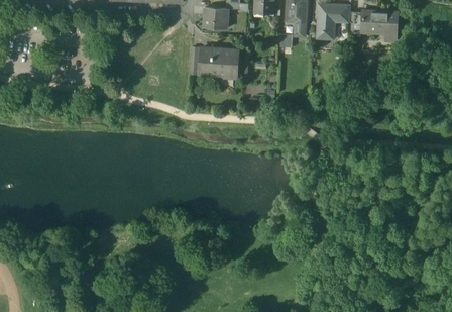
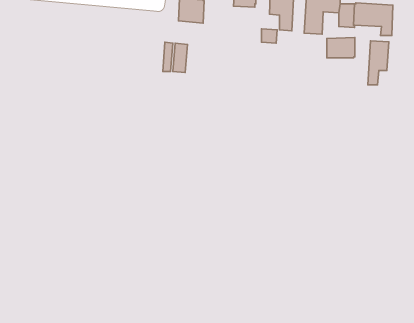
building: none -> [327,38,355,58]
building: none -> [368,41,389,85]
building: [210,48,238,75] -> none

